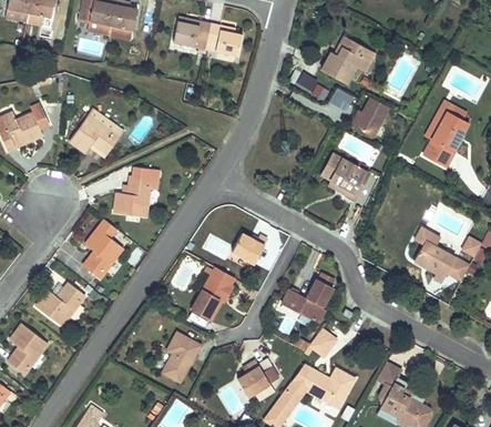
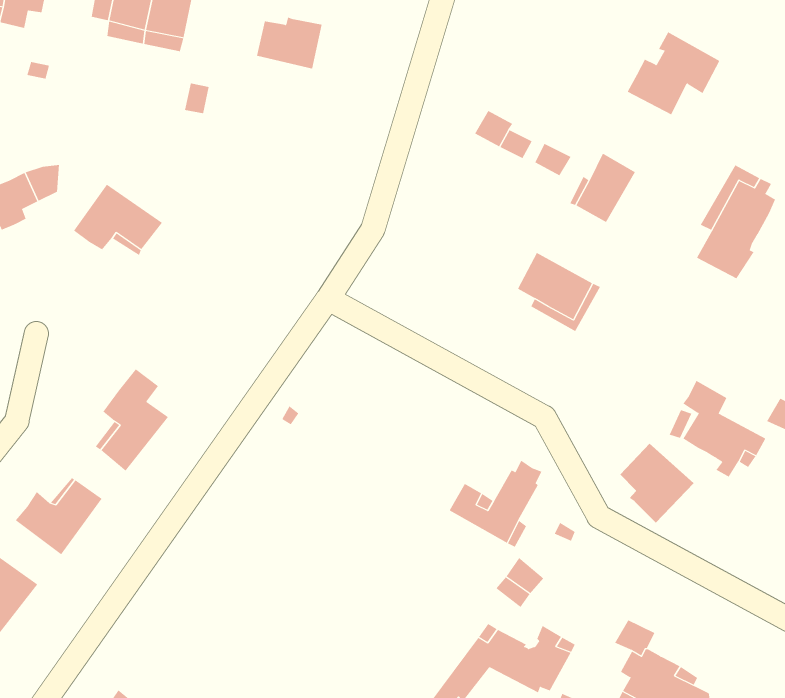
building: [204,23,242,55] -> none
building: [320,35,374,83] -> [627,32,720,115]
building: [113,166,157,216] -> none
building: [232,232,267,263] -> none
building: none -> [620,443,694,524]
building: [191,266,234,321] -> none
building: [162,332,200,380] -> none
building: [237,359,279,396] -> none

